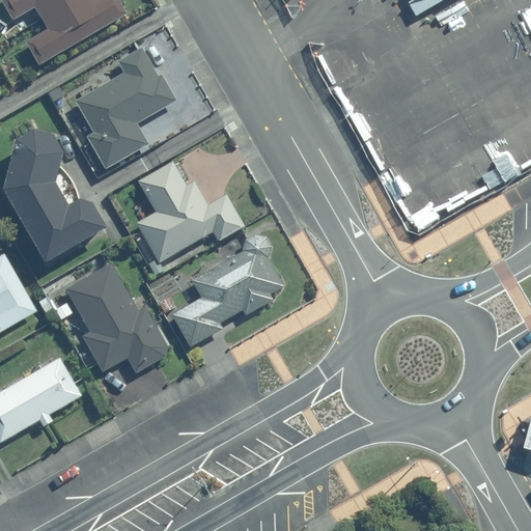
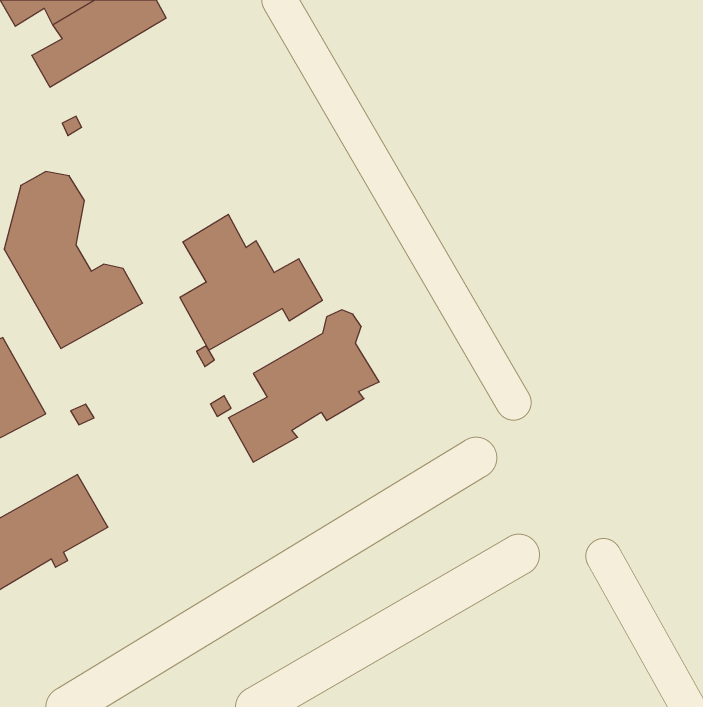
building: [75,47,175,169] -> none
building: [65,263,167,373] -> none

